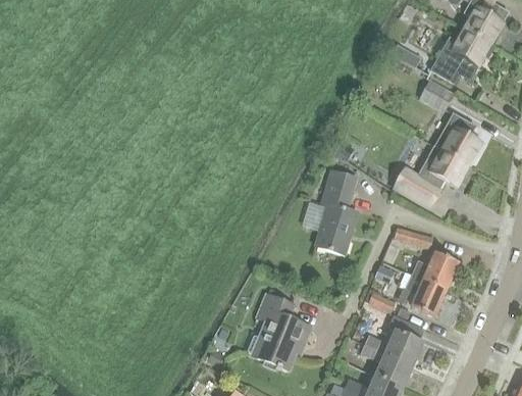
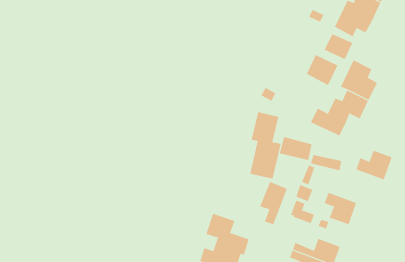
building: none -> [306,54,338,86]
building: none -> [279,136,312,161]
building: [412,252,459,290] -> [355,150,393,180]
building: none -> [260,181,288,225]

